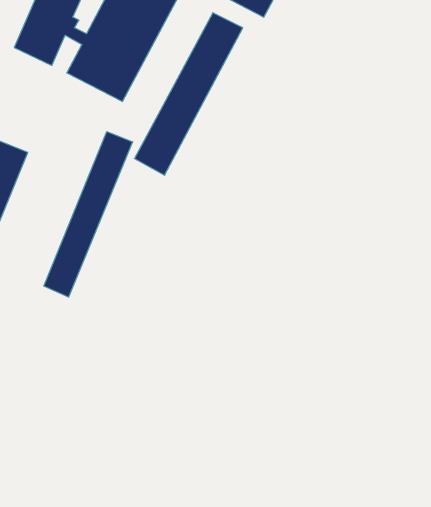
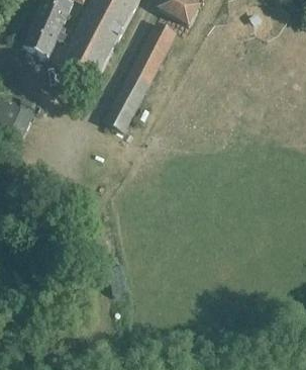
building: [44,132,133,297] -> none

